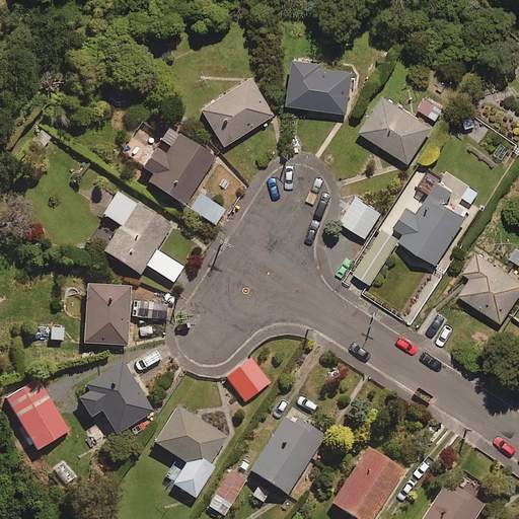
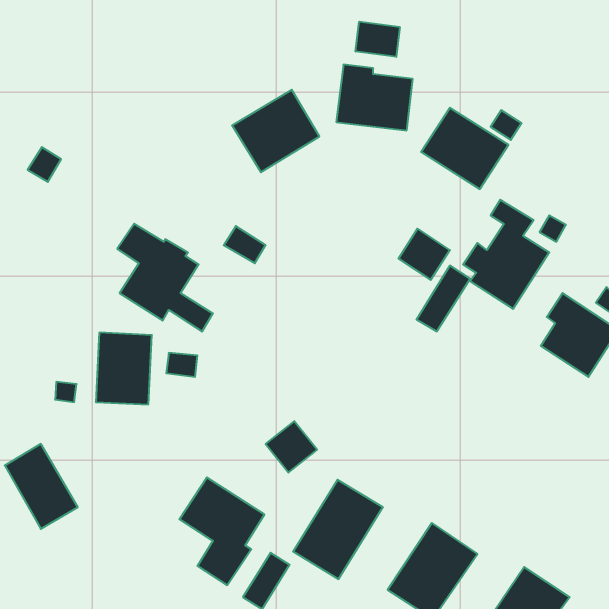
building: none -> [356,22,400,57]
building: [141,126,215,205] -> none
building: [76,361,154,435] -> none

